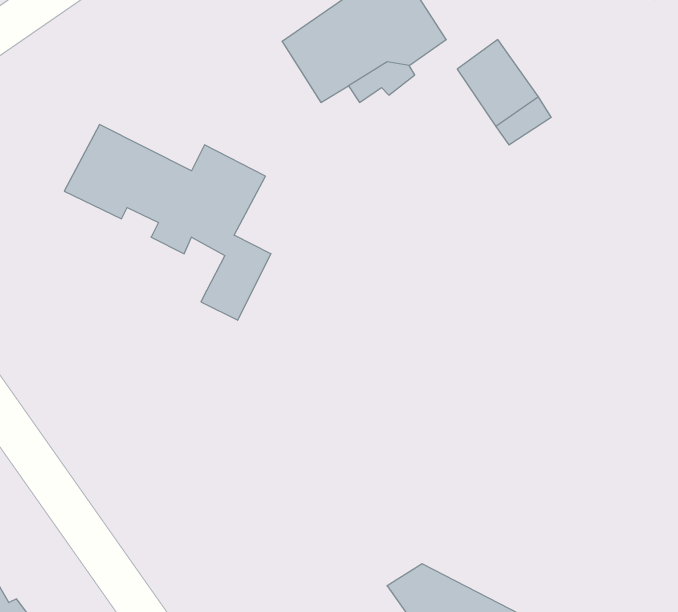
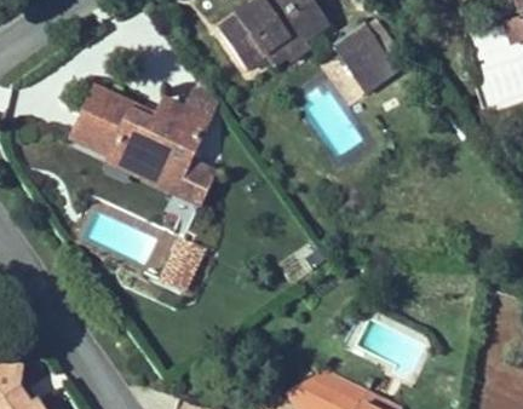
building: none -> [107,138,182,192]
building: none -> [159,235,205,290]

